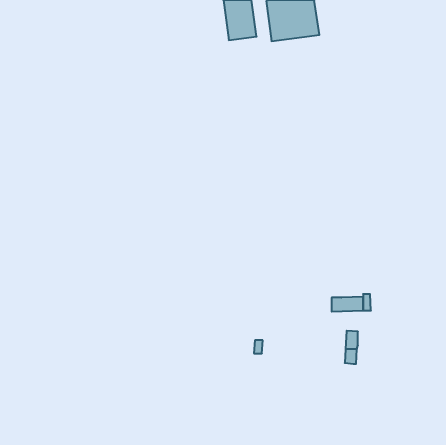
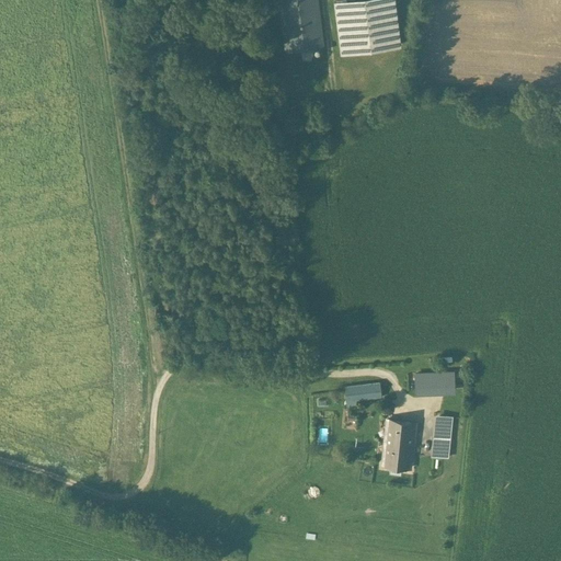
building: none -> [343,385,381,410]
building: none -> [381,421,415,468]

